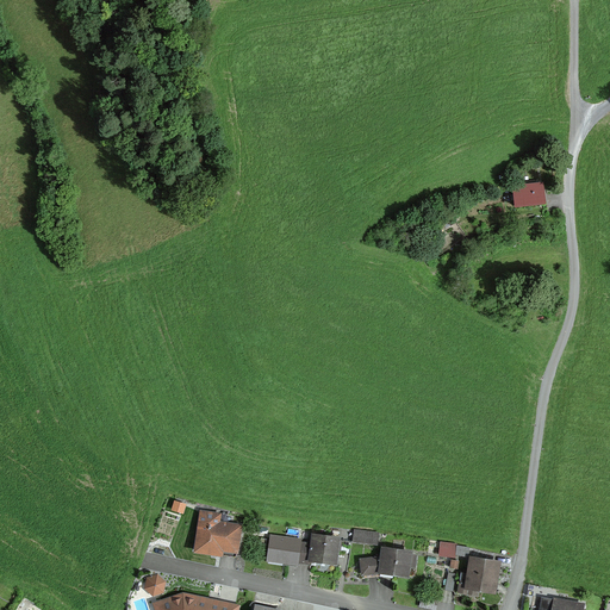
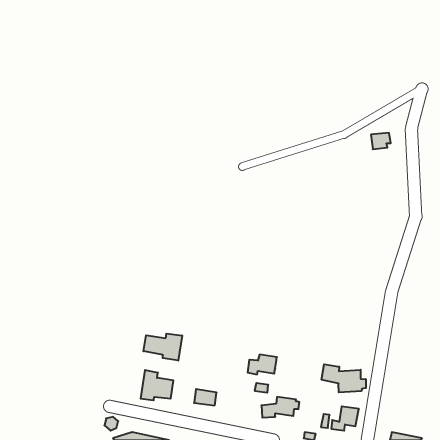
building: none -> [143,334,182,361]
building: none -> [322,364,366,392]
building: [298,535,338,562] -> [248,355,277,374]

